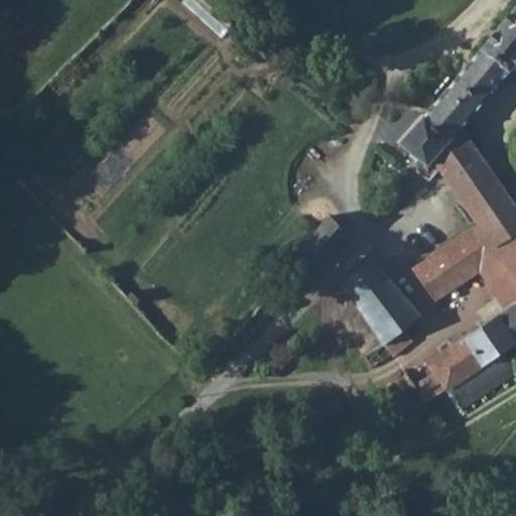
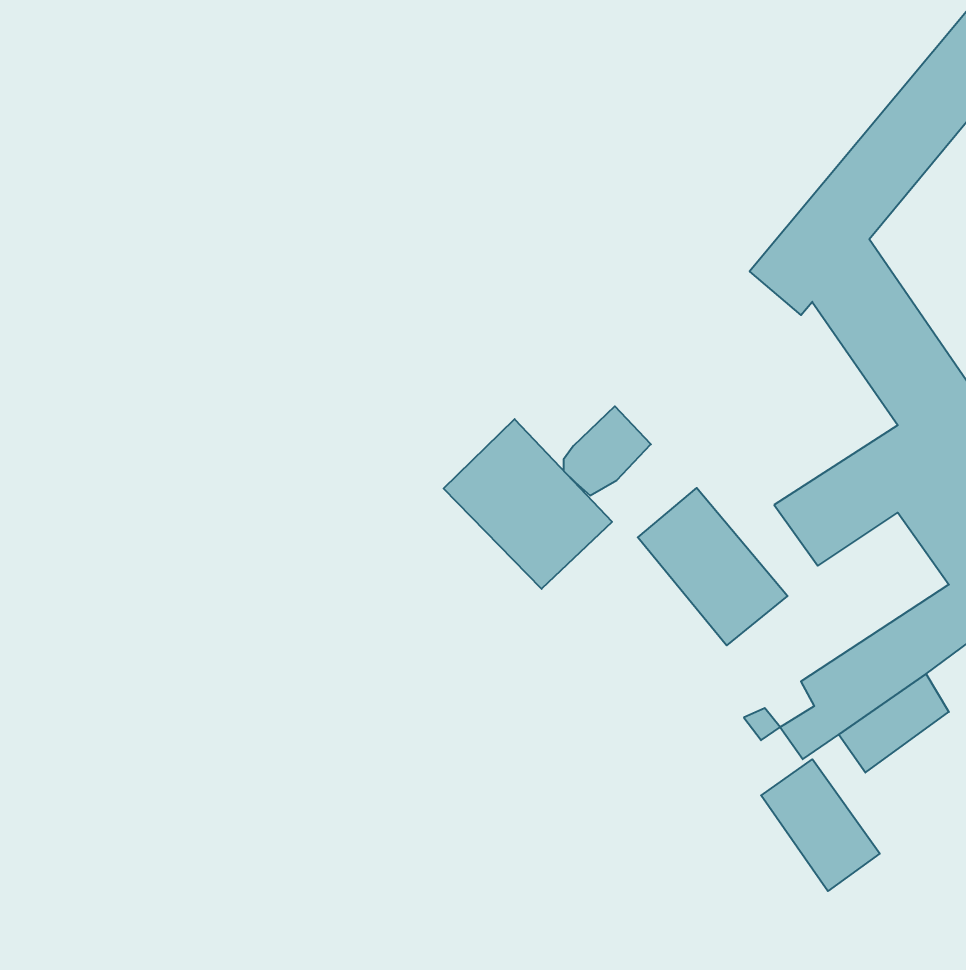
building: none -> [444,419,612,589]
building: none -> [761,759,880,891]

